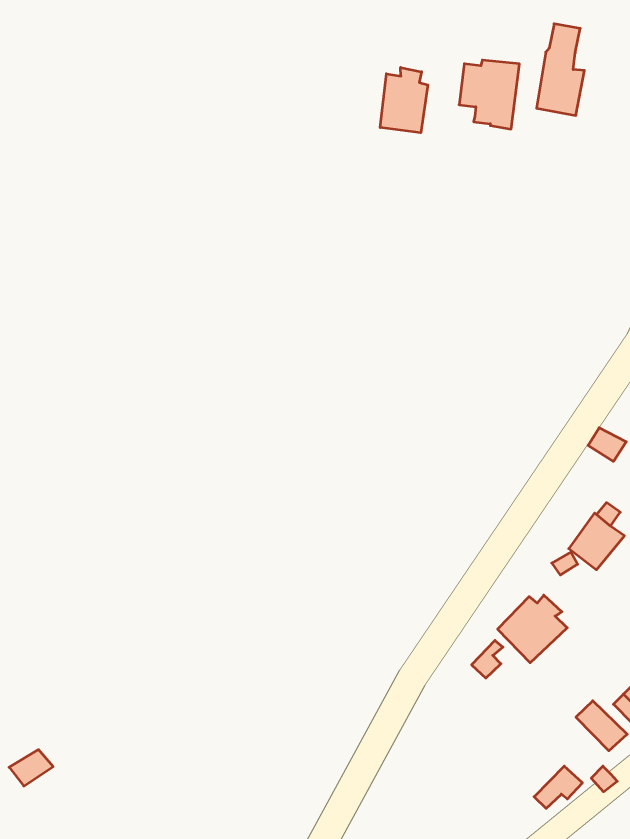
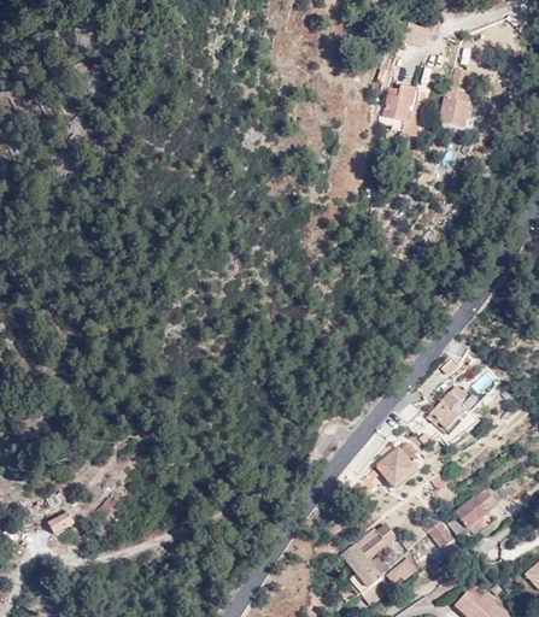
building: [380,67,428,133] -> none
building: none -> [342,525,408,597]

